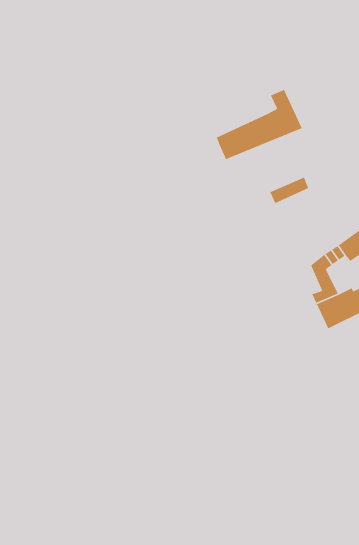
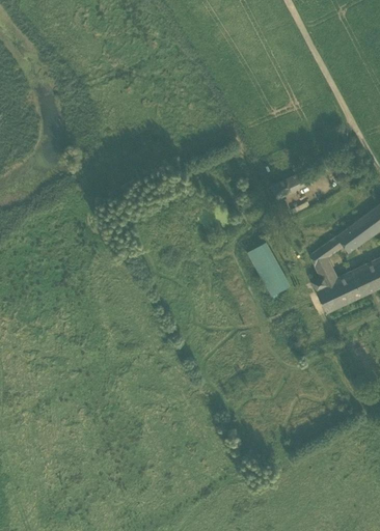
building: [216,89,303,160] -> none
building: none -> [247,241,290,295]

